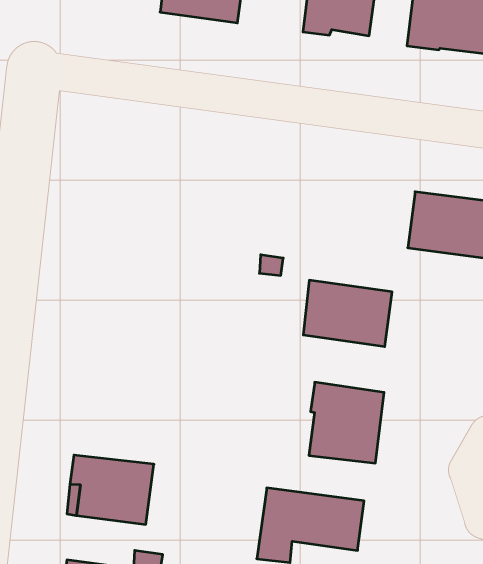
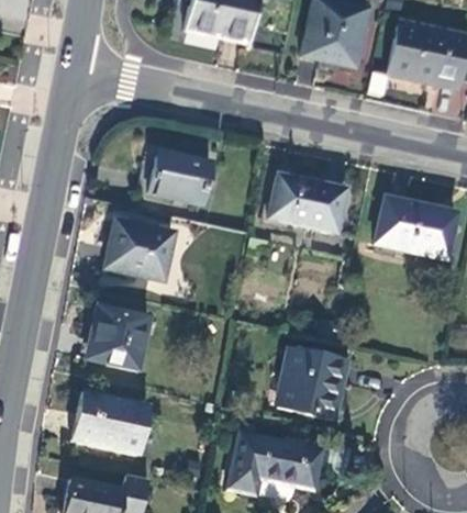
building: none -> [148,156,211,204]
building: none -> [108,220,174,280]
building: [303,280,392,347] -> [268,172,345,233]
building: none -> [89,304,149,370]

